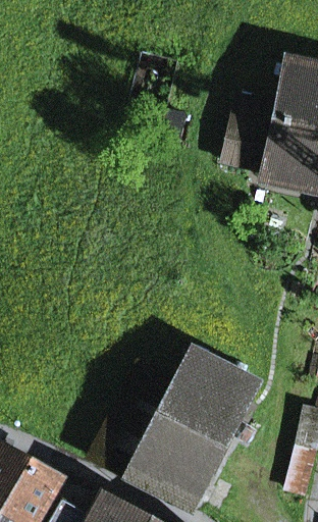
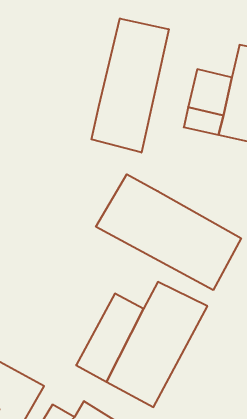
building: none -> [91,18,169,153]
building: none -> [96,174,241,290]

